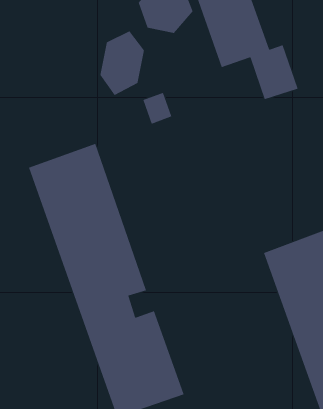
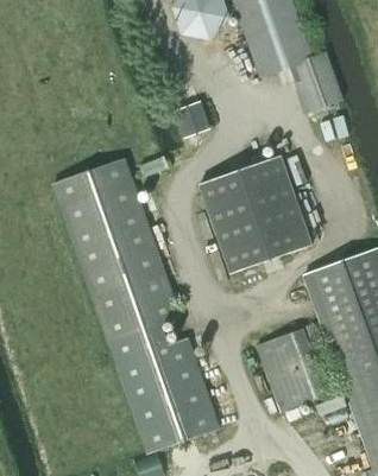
building: [100,31,144,96] -> none
building: none -> [199,156,310,273]
building: none -> [256,328,327,412]

